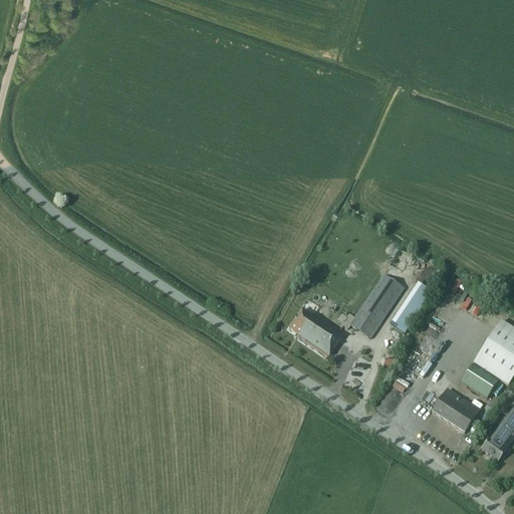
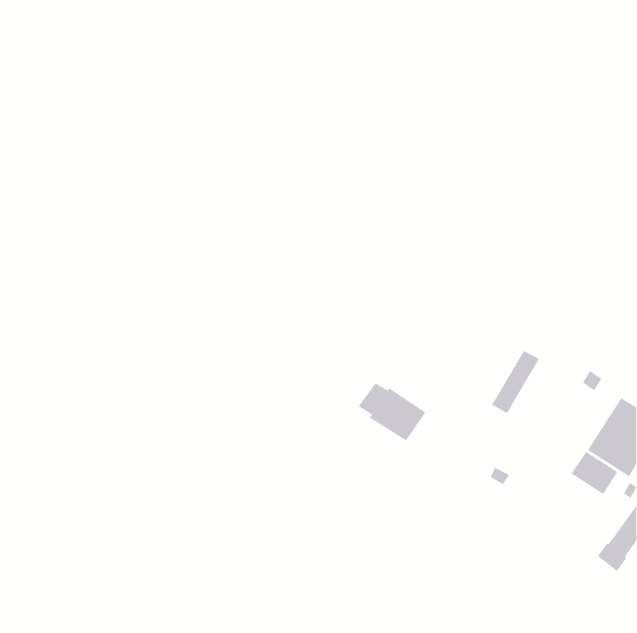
building: [341,273,403,337] -> none
building: [432,389,479,432] -> none

